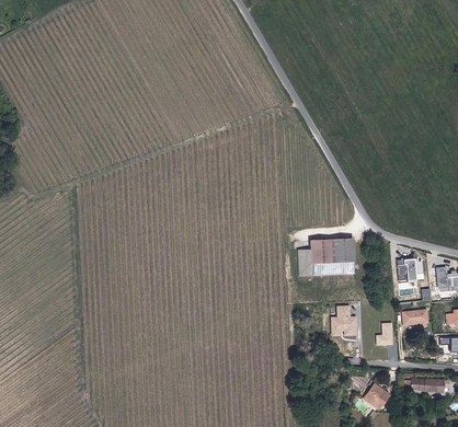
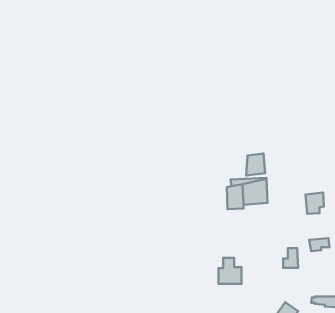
building: none -> [246,154,265,175]
building: [328,304,355,335] -> [218,258,242,284]

